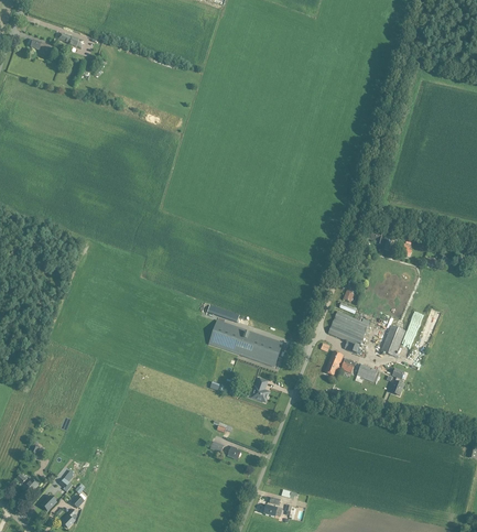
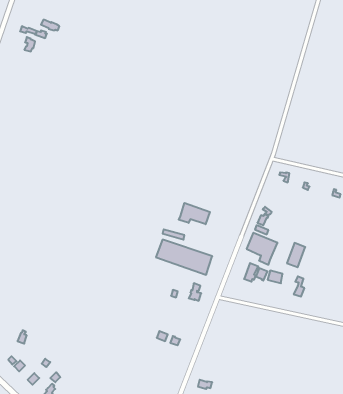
building: none -> [179,203,210,224]

